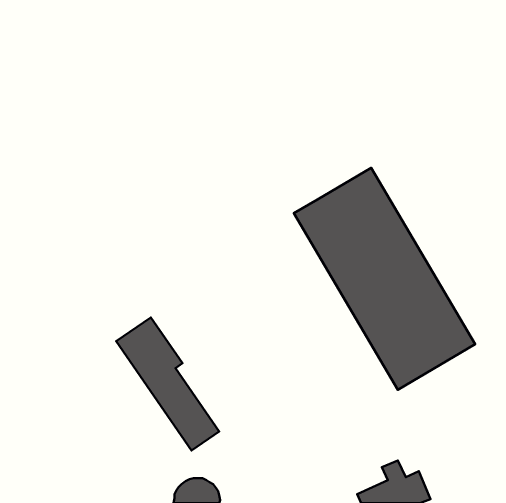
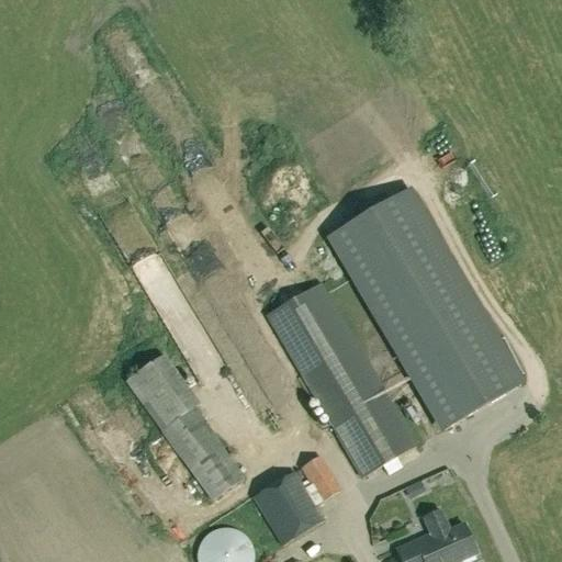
building: none -> [268,283,416,475]
building: none -> [254,456,341,544]

